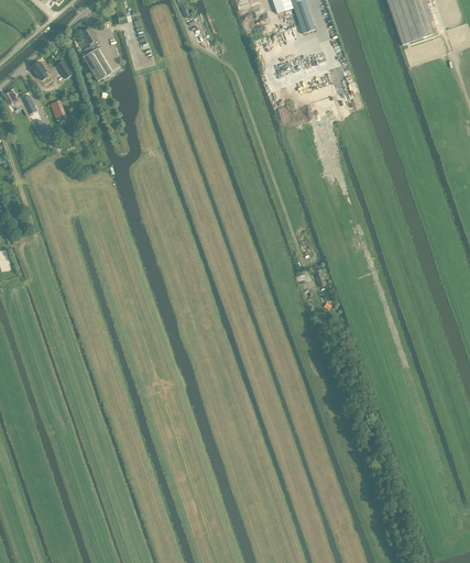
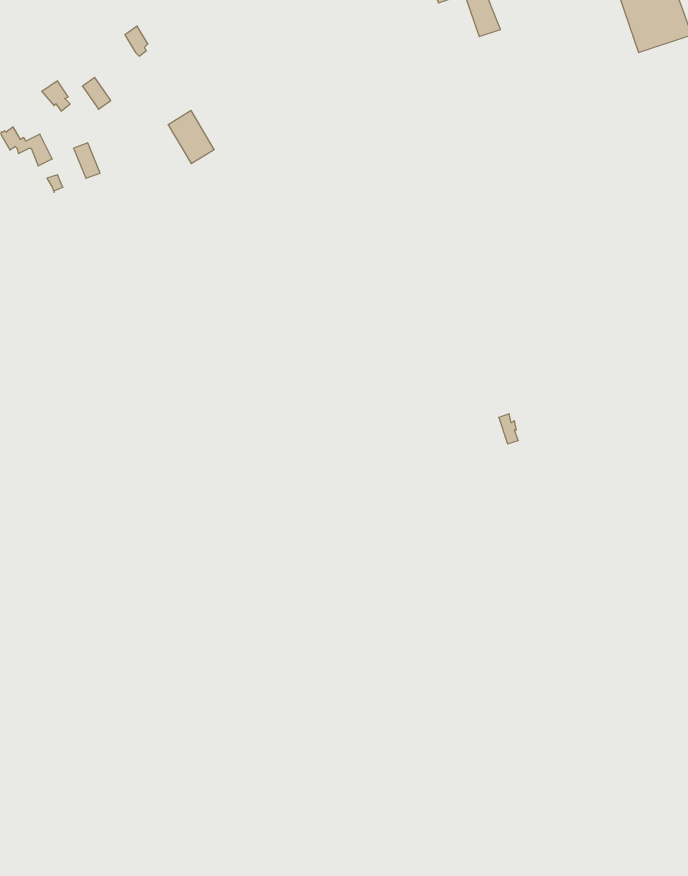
building: [83,47,111,80] -> [168,111,214,164]

